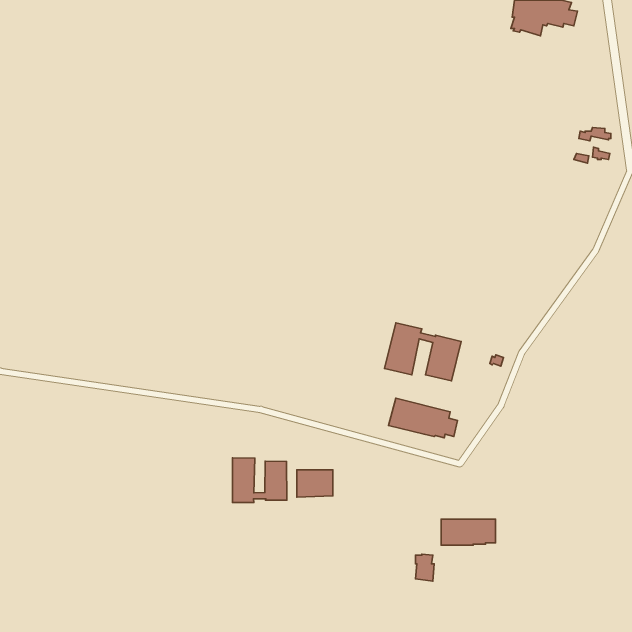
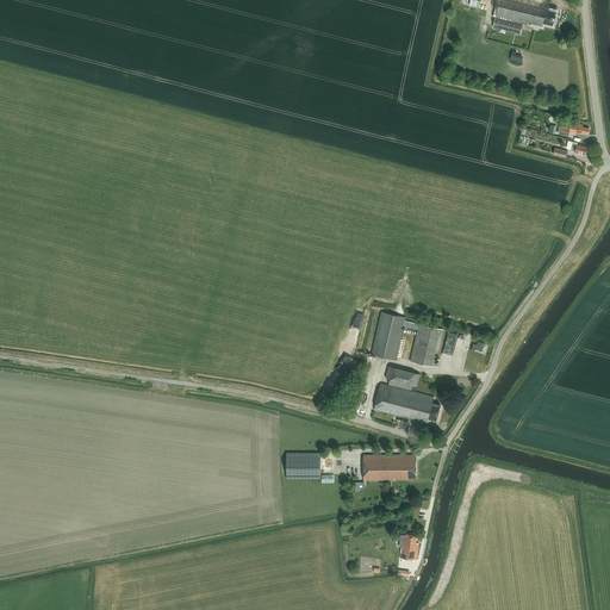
building: none -> [386,366,421,391]
building: [233,458,287,503] -> none
building: [441,519,496,545] -> [363,455,416,480]

